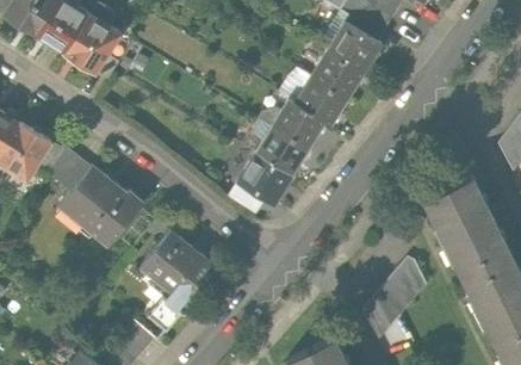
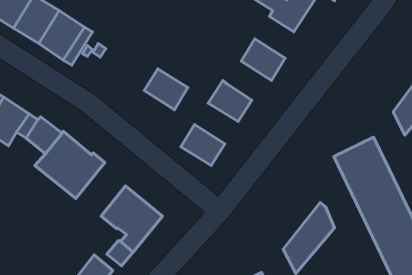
building: [327,24,382,75] -> none
building: [292,79,347,130] -> none
building: [253,130,306,180] -> [144,69,188,110]

